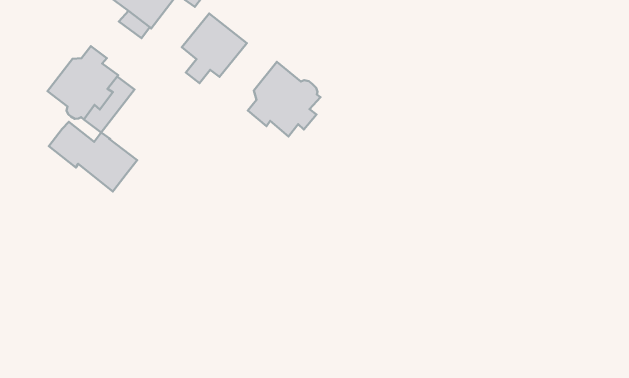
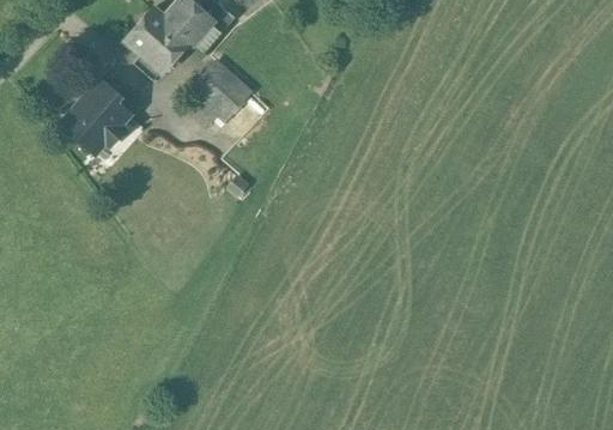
building: [248,62,321,136] -> none
building: [49,122,137,191] -> none

